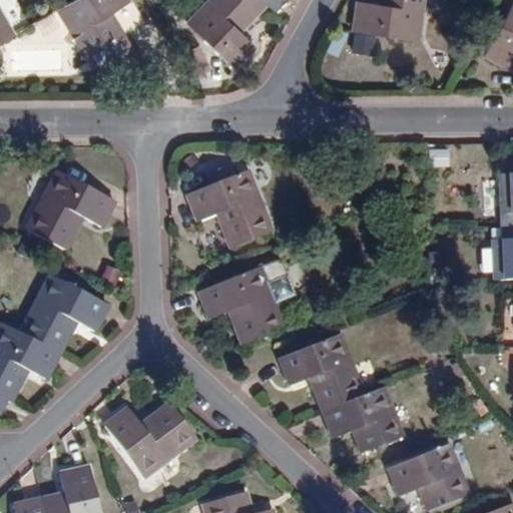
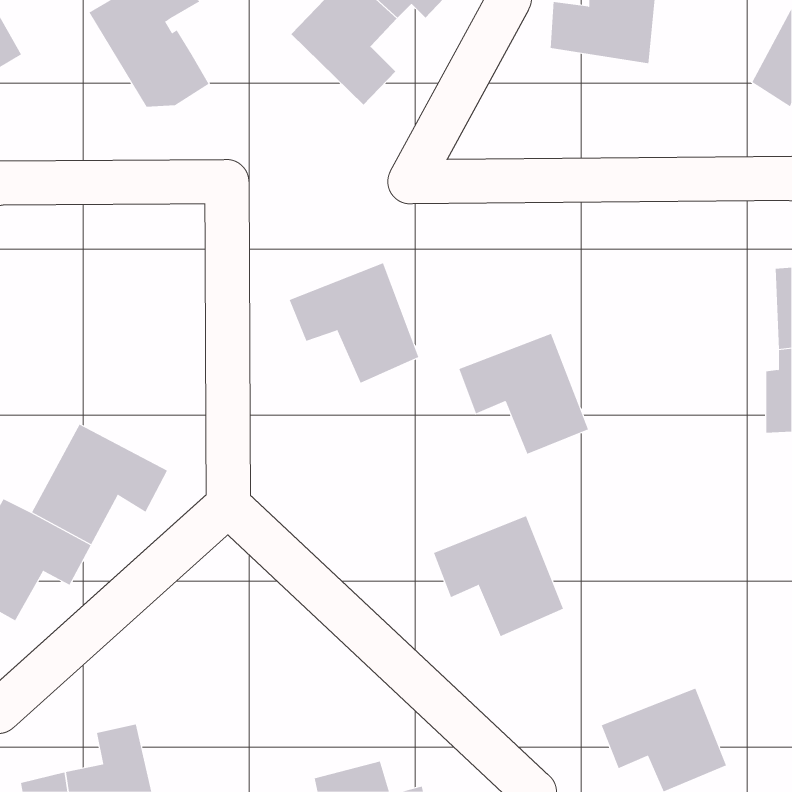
building: [26,169,115,249] -> none
building: [198,267,283,345] -> [458,333,589,454]
building: [323,387,402,453] -> none
building: [104,401,196,477] -> none

